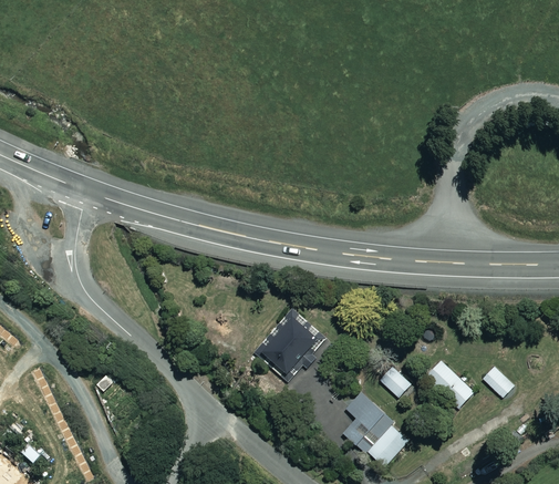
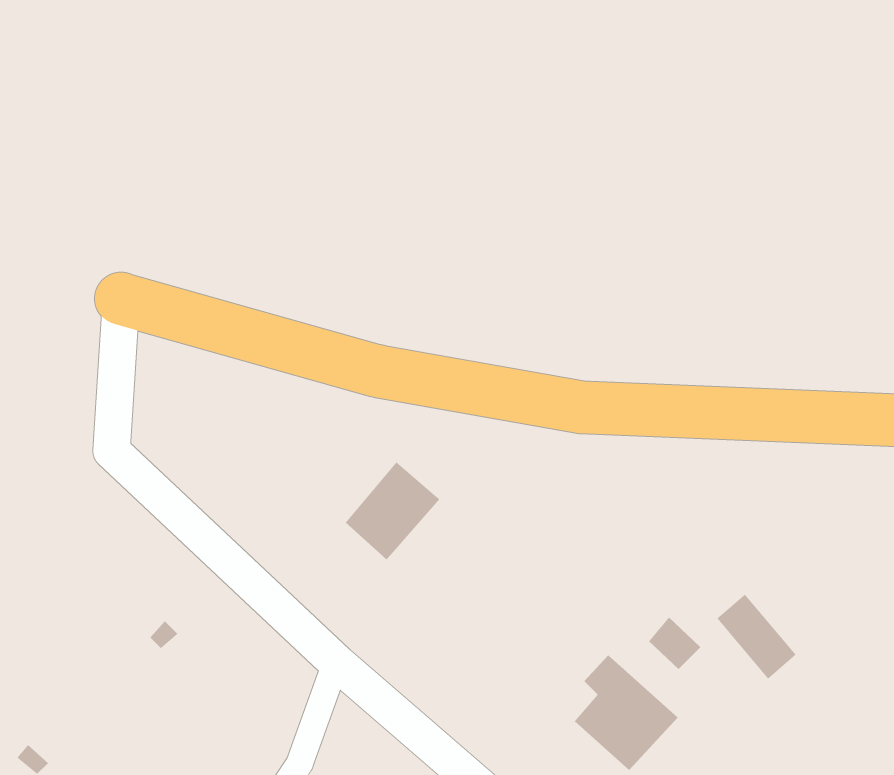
building: [261,317,317,374] -> [345,462,440,560]
building: [483,365,514,397] -> none

